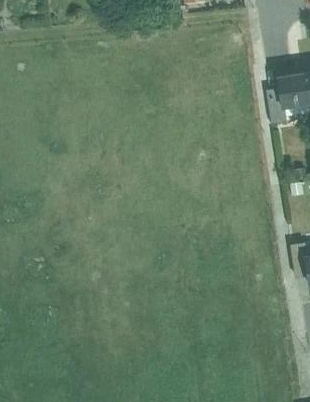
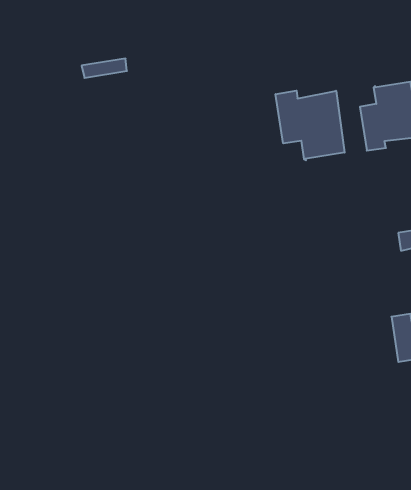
building: none -> [276,91,345,160]

